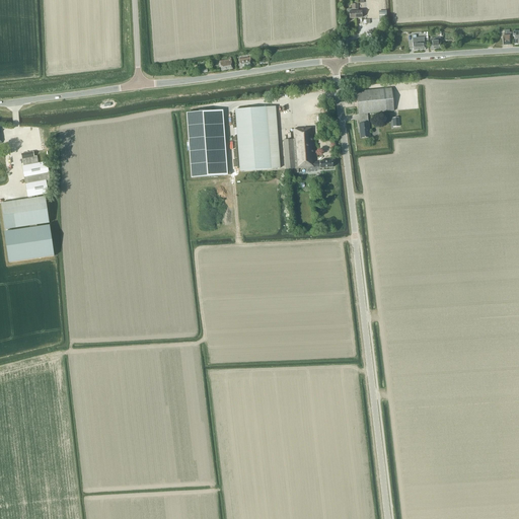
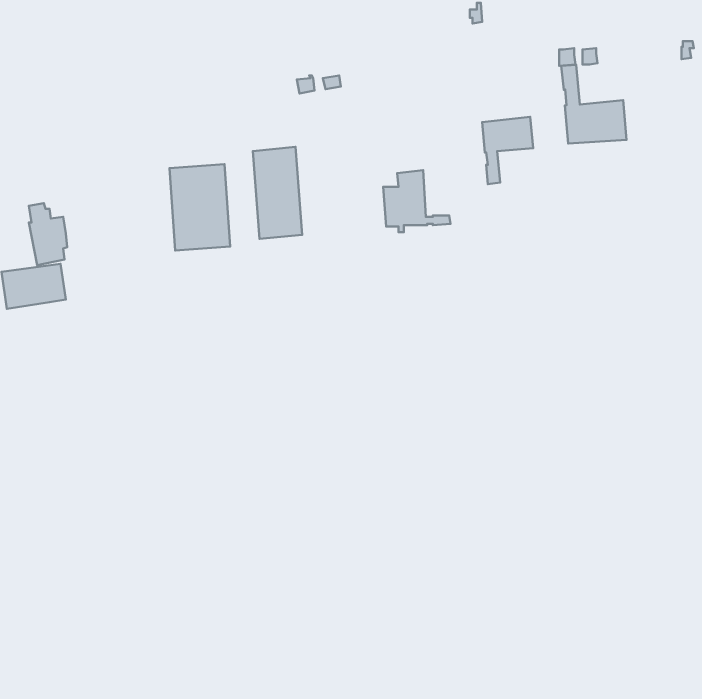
building: none -> [561,65,627,144]
building: [235,105,280,169] -> [170,164,230,251]
building: [5,223,54,261] -> none

